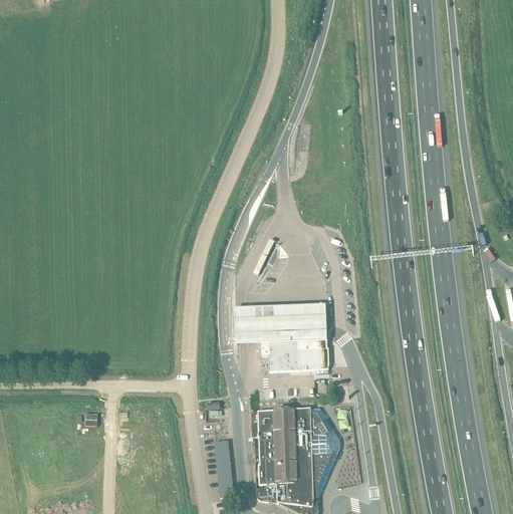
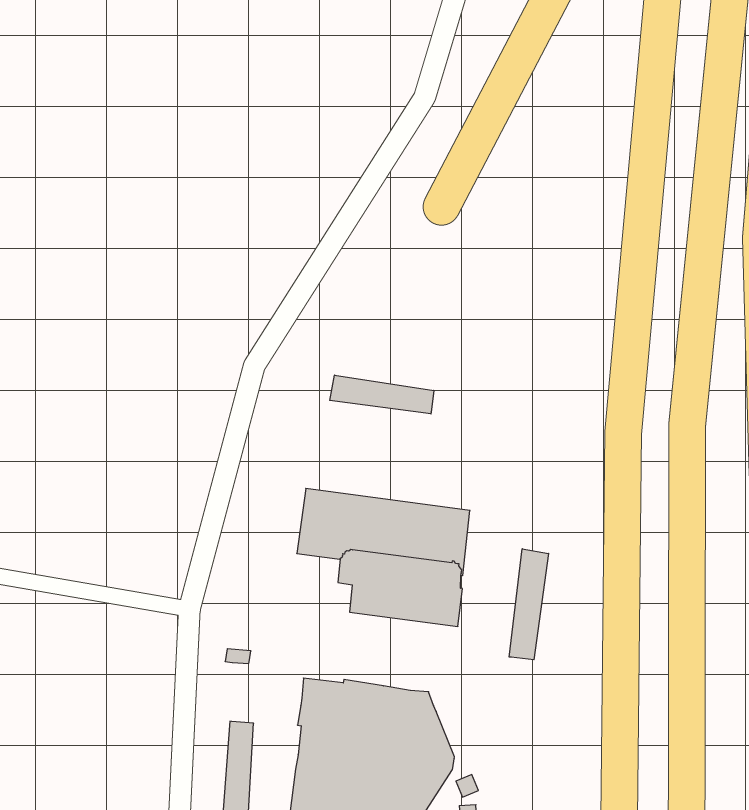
building: none -> [330,375,434,414]
building: none -> [509,549,549,660]

